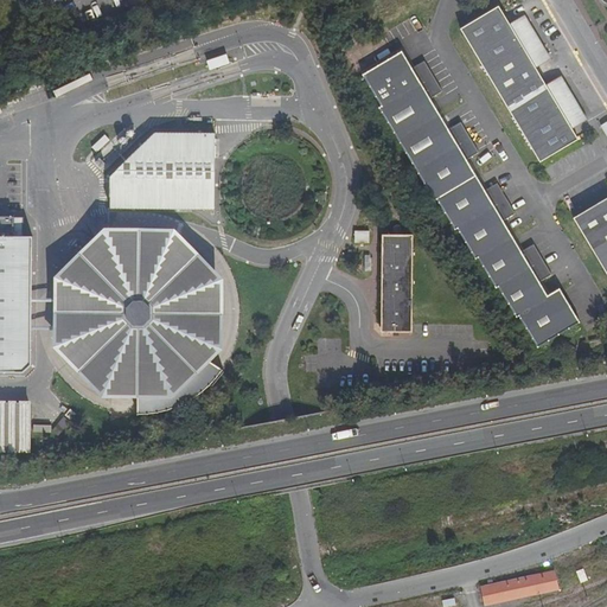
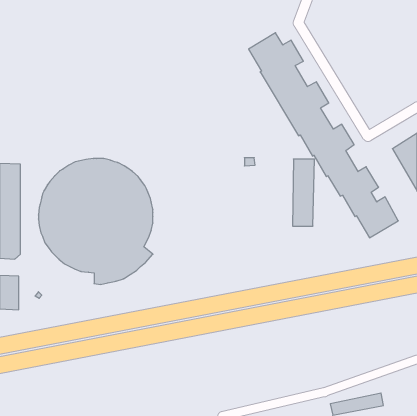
building: [458,5,580,161] -> none
building: [109,132,215,207] -> none
building: [381,234,413,331] -> [293,159,315,226]

